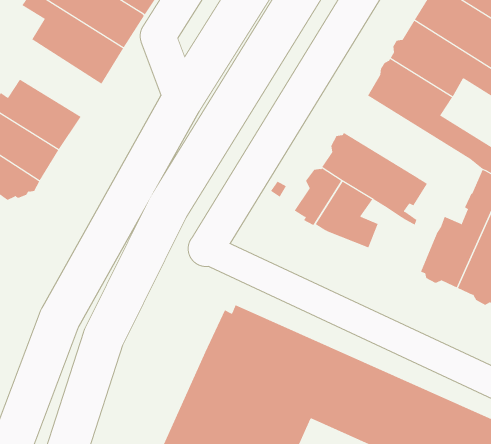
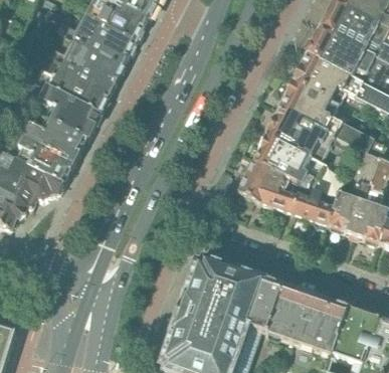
building: none -> [40,86,100,138]
building: none -> [266,107,354,160]
building: none -> [290,188,336,225]

